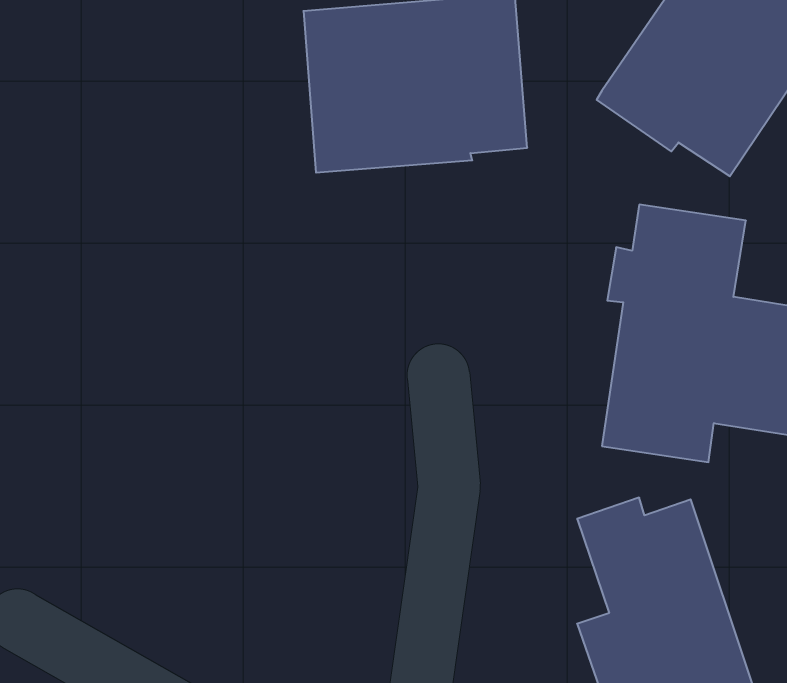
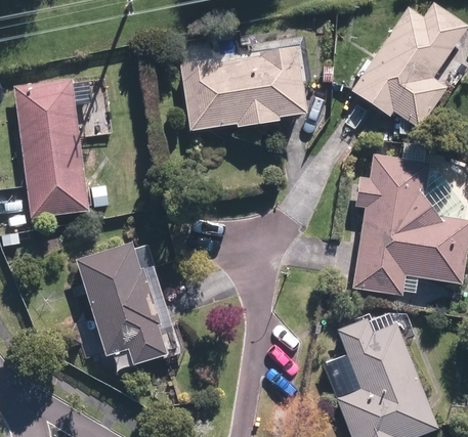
building: none -> [14,76,109,217]
building: none -> [74,238,189,375]

